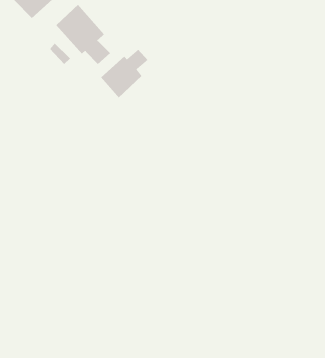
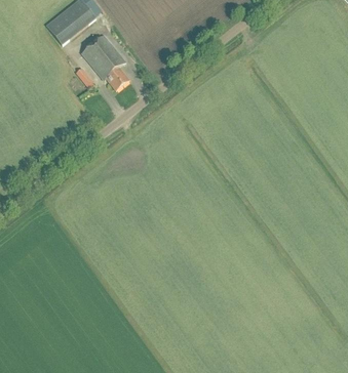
building: [100,49,149,98] -> none

